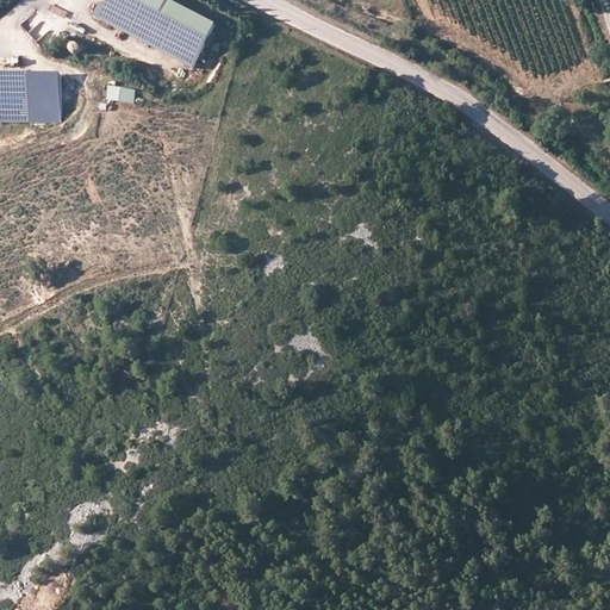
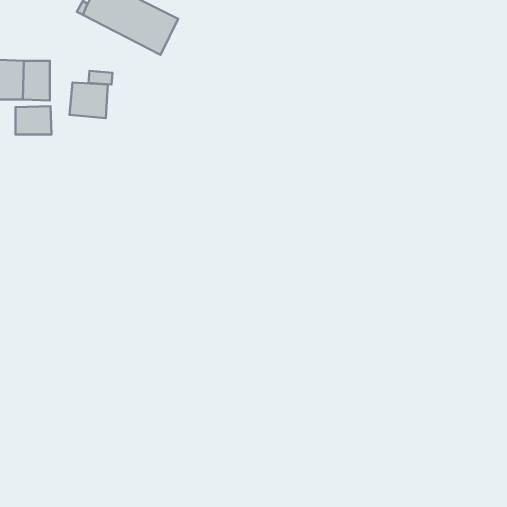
building: none -> [70,83,108,118]
building: none -> [15,106,51,135]

